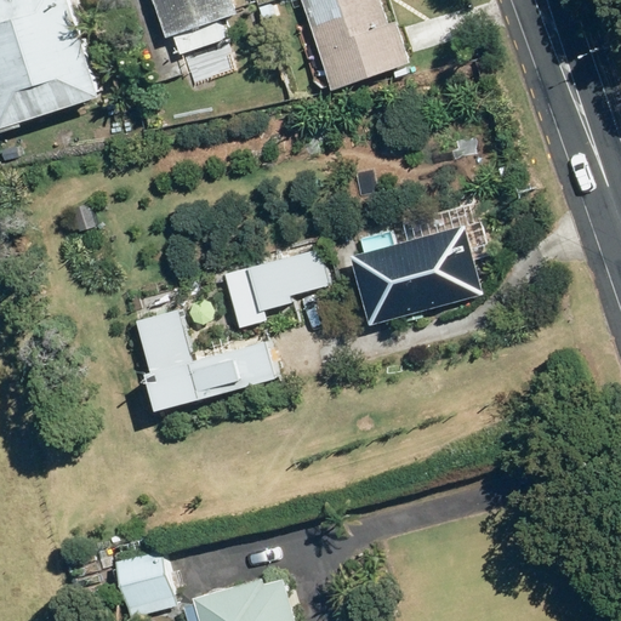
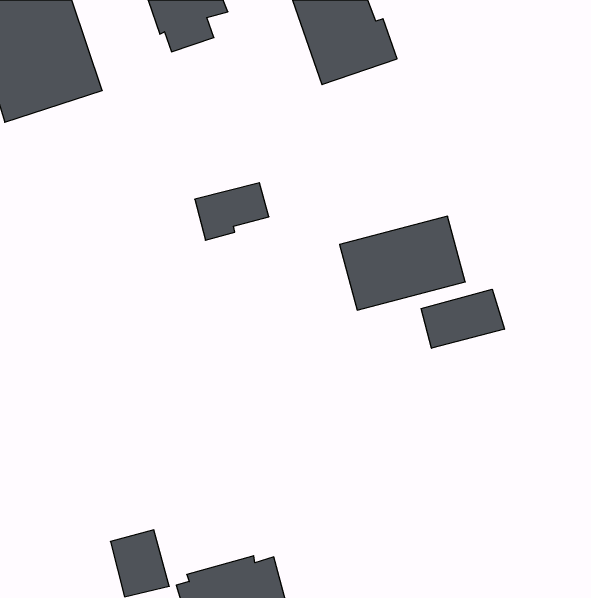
building: [250,250,326,309] -> [195,183,269,240]
building: none -> [421,289,504,348]
building: [137,308,274,405] -> none

